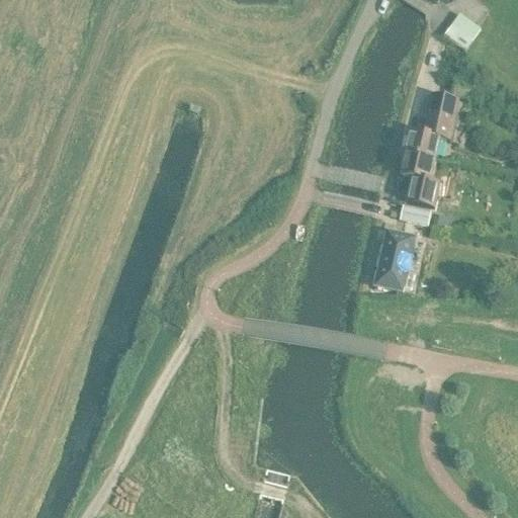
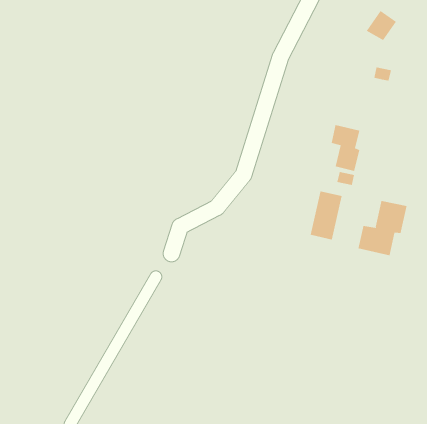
building: [405,94,455,158] -> none
building: none -> [358,200,407,256]

